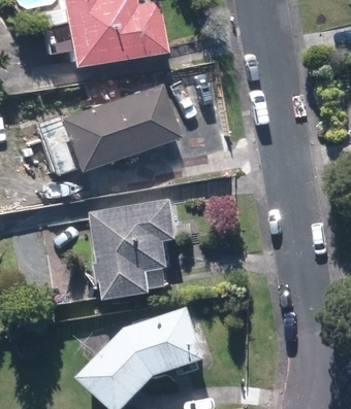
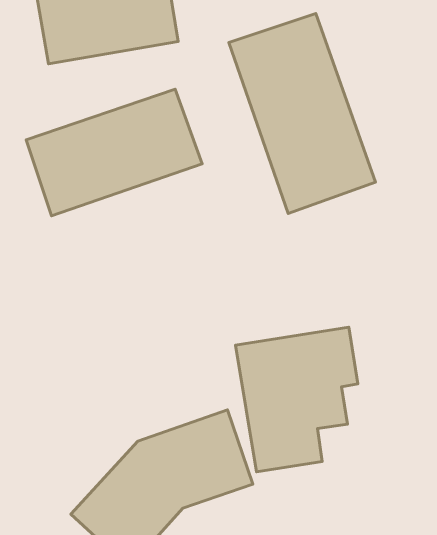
building: none -> [229,13,375,214]
building: [91,201,176,301] -> [235,327,358,472]

